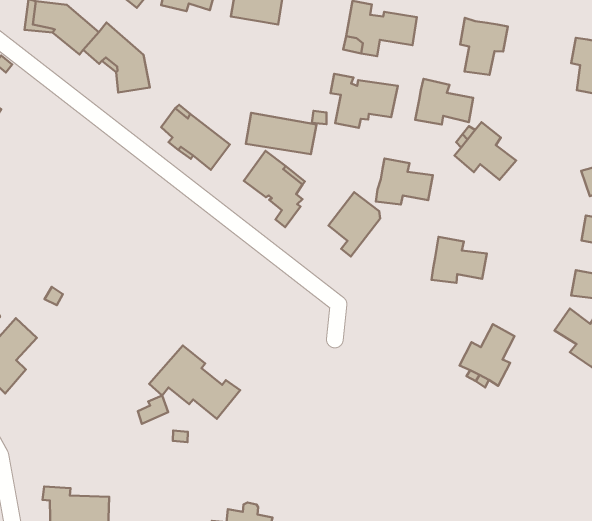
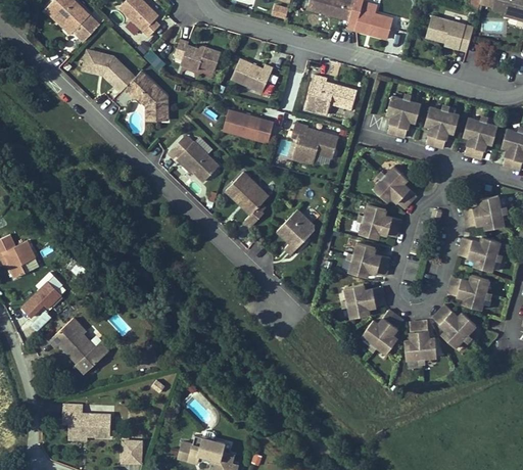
building: none -> [426,106,460,148]
building: [415,79,473,125] -> none
building: [246,113,316,154] -> [223,110,274,144]
building: [376,158,433,205] -> [360,209,401,243]
building: none -> [346,286,386,320]
building: none -> [403,324,435,362]
building: [149,345,240,419] -> [49,314,112,368]

